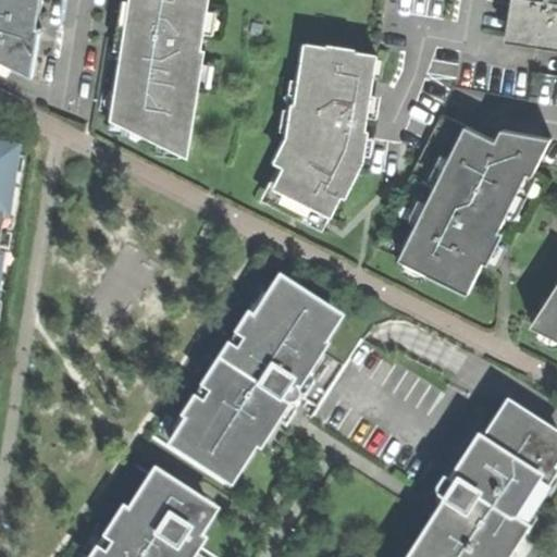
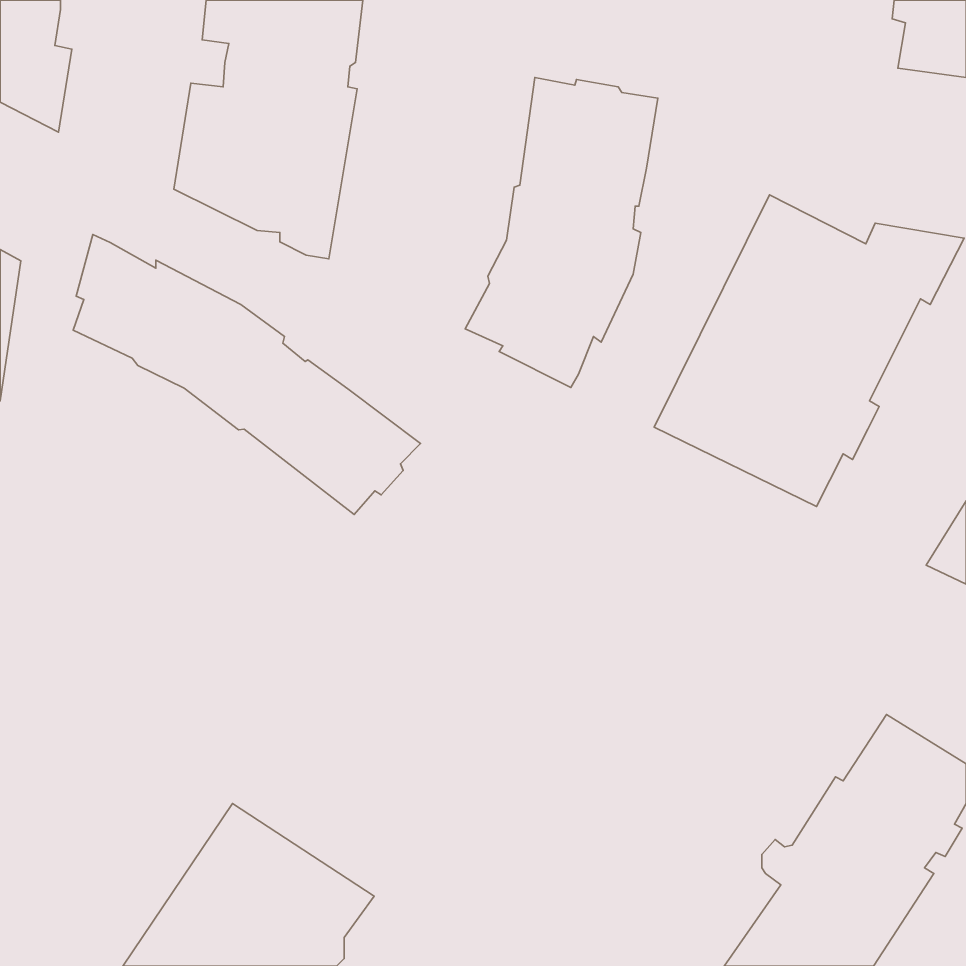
building: none -> [73,235,420,514]
building: [151,270,347,485] -> none

